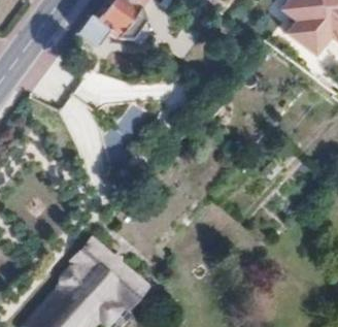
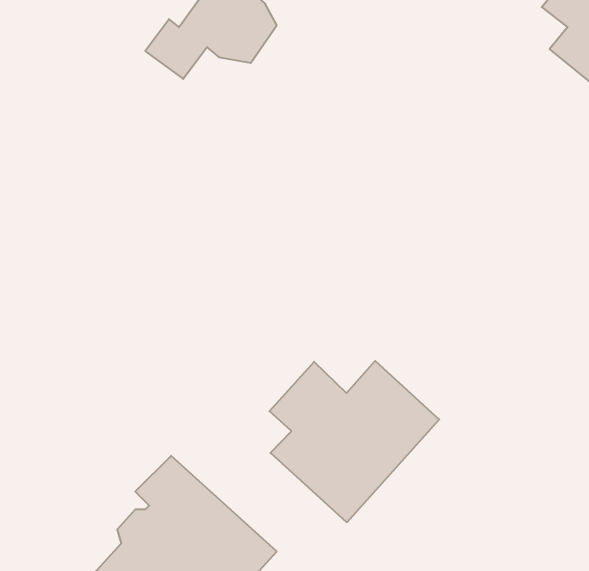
building: none -> [269,361,439,522]

